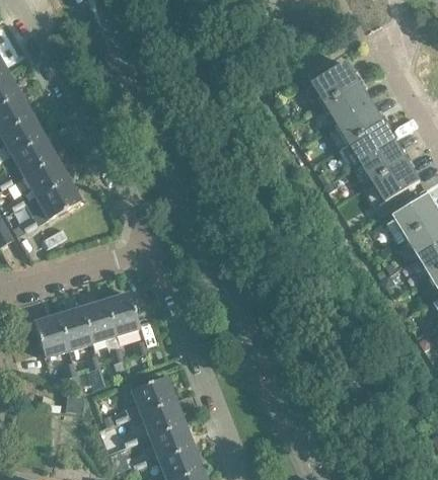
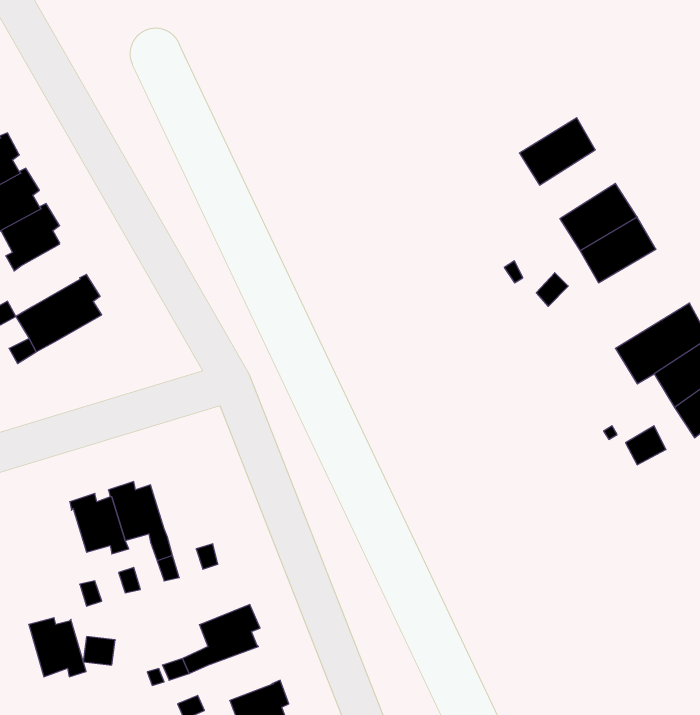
building: [309,62,362,105] -> none
building: [340,103,385,145] -> none
building: [27,157,63,197] -> none
building: [375,163,421,202] -> none
building: [103,296,139,331] -> none
building: [33,318,68,353] -> [29,618,86,677]
building: [144,399,180,436] -> none

